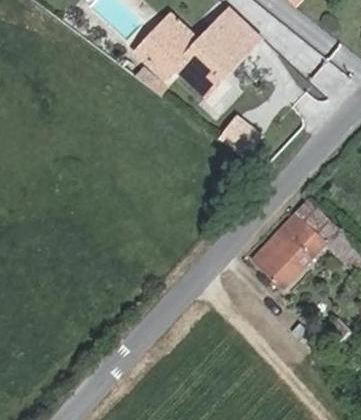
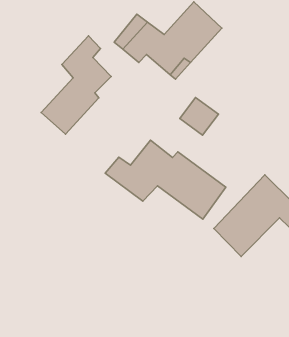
building: none -> [41,36,111,134]
building: none -> [105,140,226,219]

